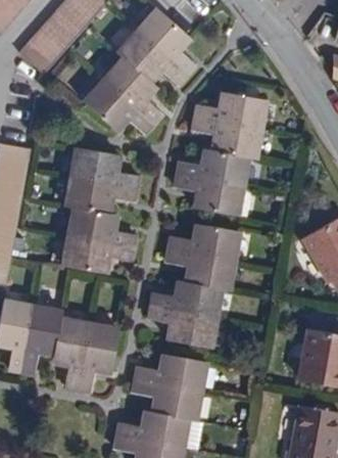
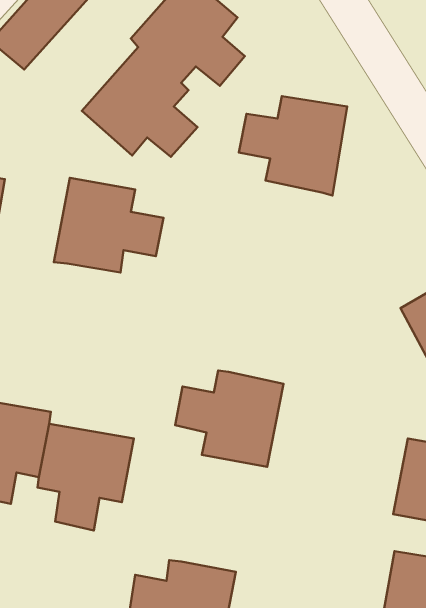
building: [174,149,248,216] -> none
building: [62,208,136,273] -> none
building: [164,224,240,291] -> none
building: [132,355,207,422] -> none

